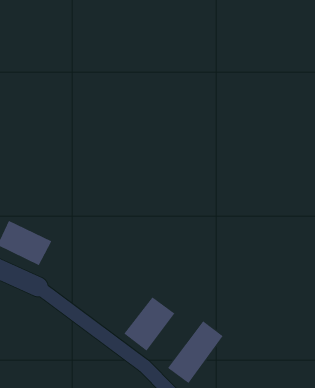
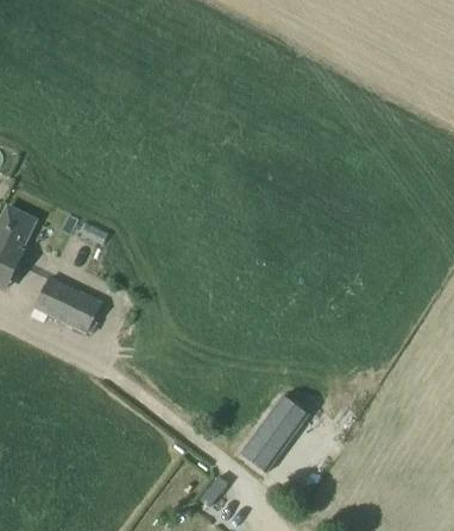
building: [123,296,175,351] -> none

